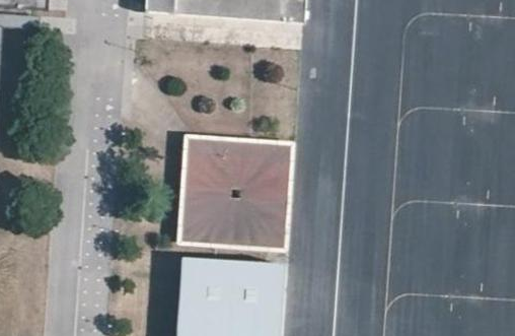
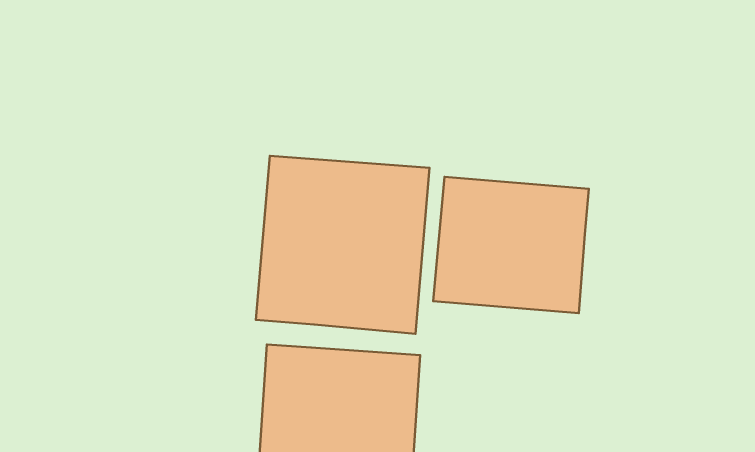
building: none -> [433,177,589,313]

